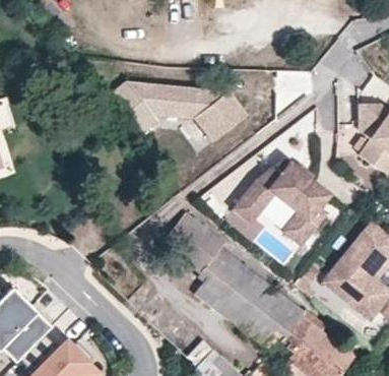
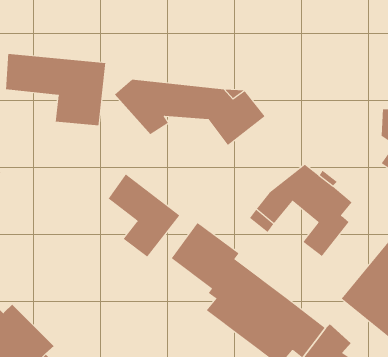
building: none -> [6,53,106,126]
building: none -> [108,174,180,257]

